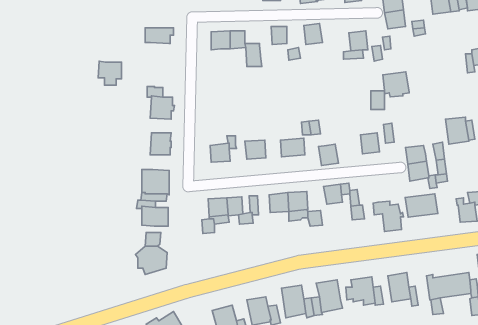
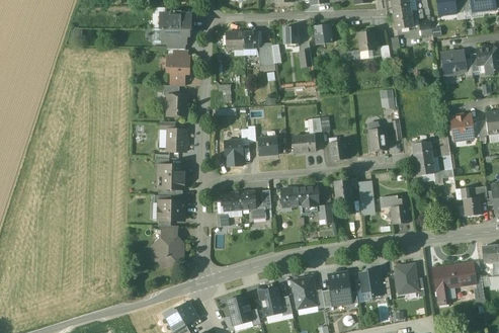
building: none -> [161,13,191,28]
building: [98,61,121,85] -> [167,56,189,79]
building: [383,72,409,97] -> [441,51,467,75]
building: [405,194,438,217] -> none

